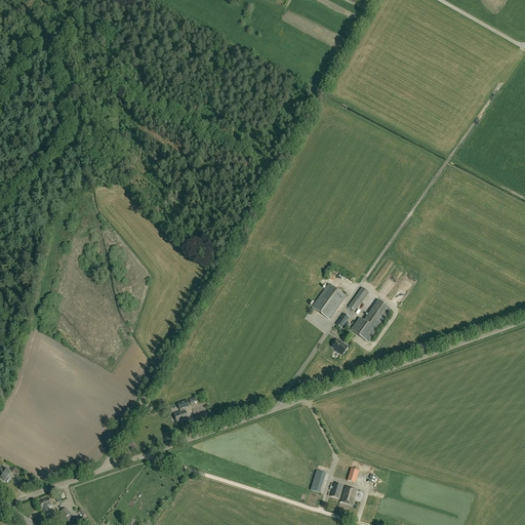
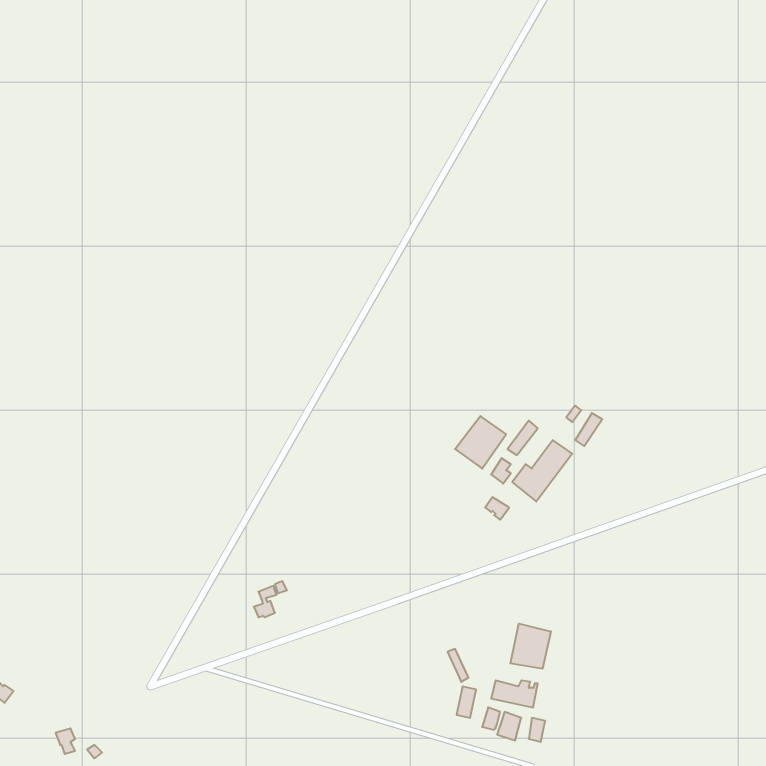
building: none -> [510,624,551,669]

